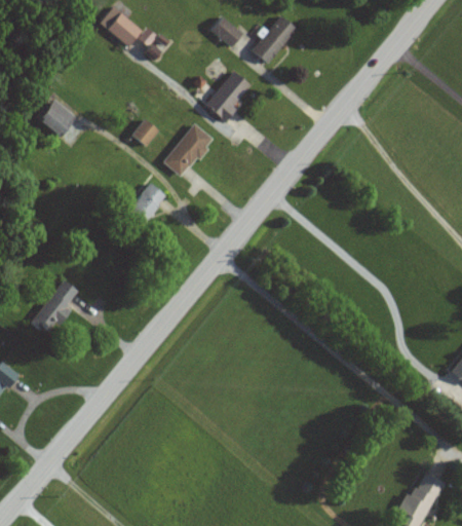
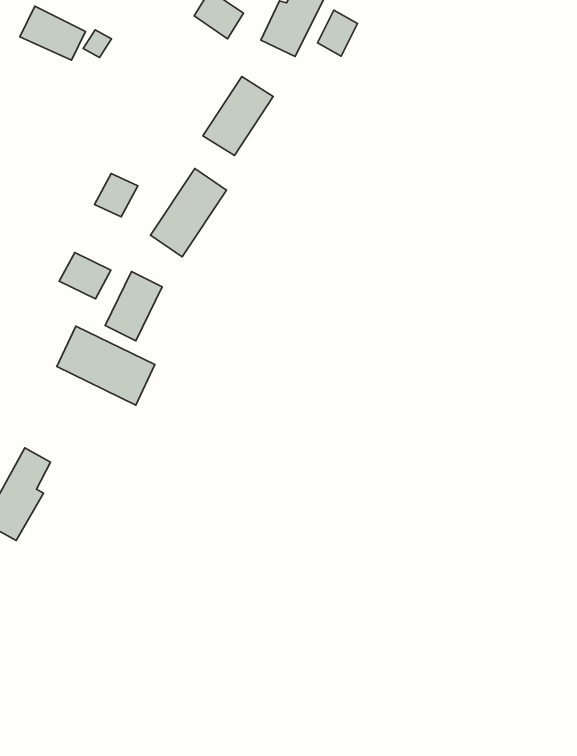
building: none -> [317,10,357,56]
building: none -> [59,253,111,299]
building: none -> [57,326,155,405]

